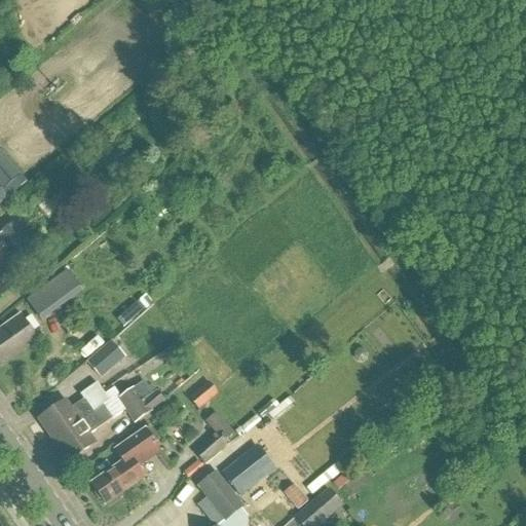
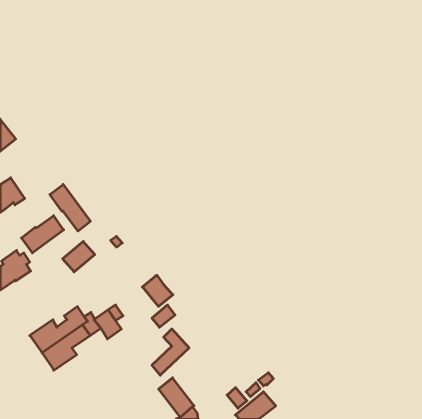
building: none -> [50,184,90,231]
building: [85,339,125,377] -> [63,241,95,272]
building: none -> [142,275,173,306]
building: [90,424,159,499] -> none
building: [221,445,271,492] -> none

